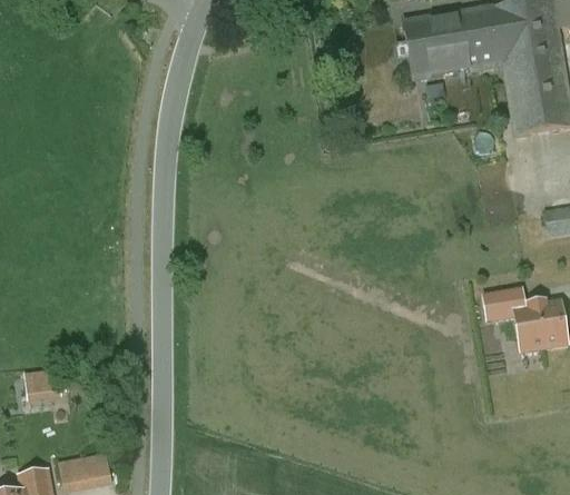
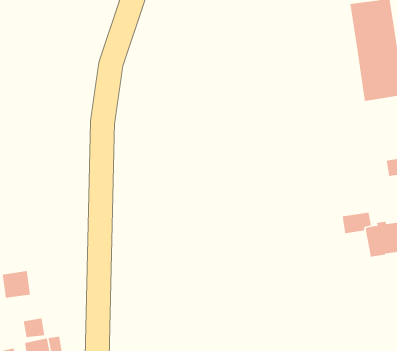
building: [404,7,504,78] -> none
building: none -> [23,317,45,338]

